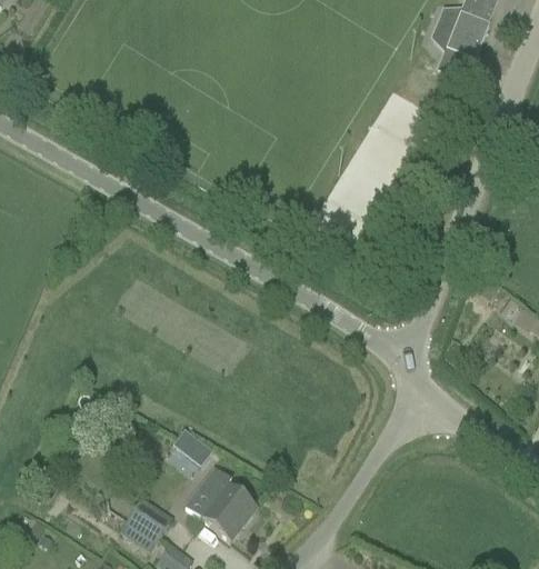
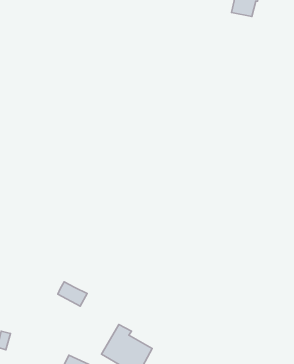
building: [172,429,212,466] -> [58,282,87,306]

